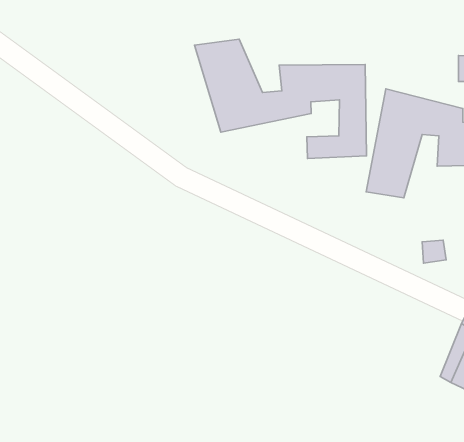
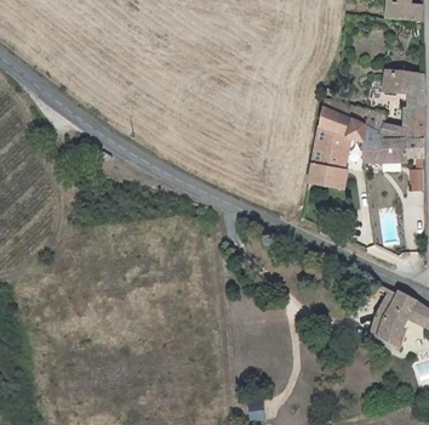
building: [195,39,366,159] -> none

